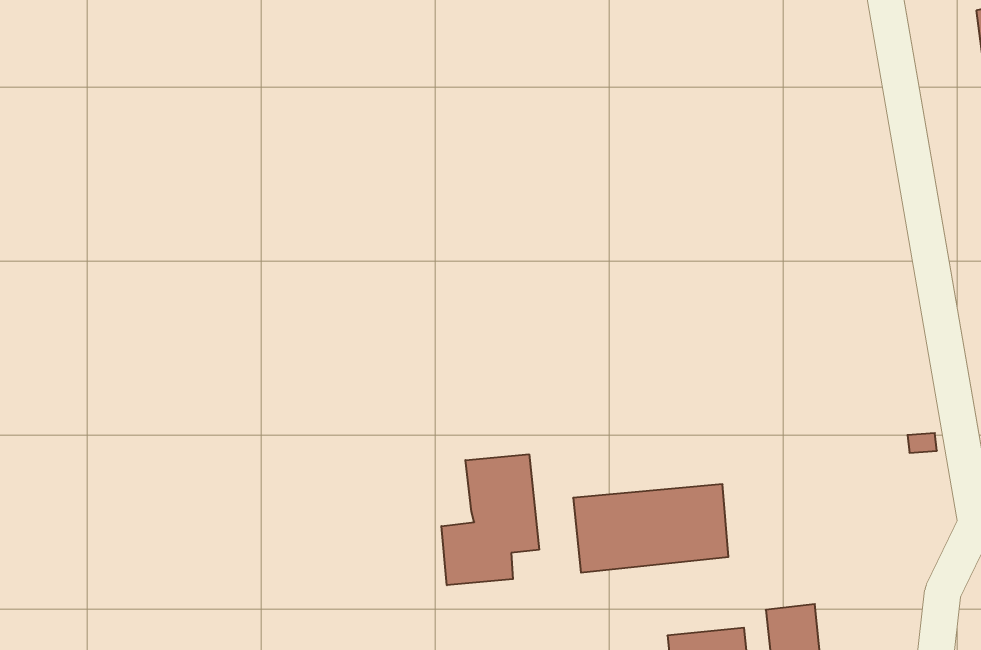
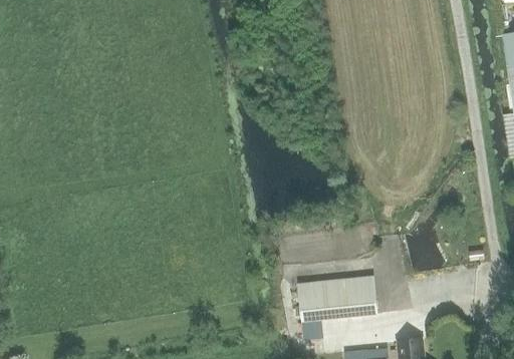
building: [441,454,539,585] -> none

